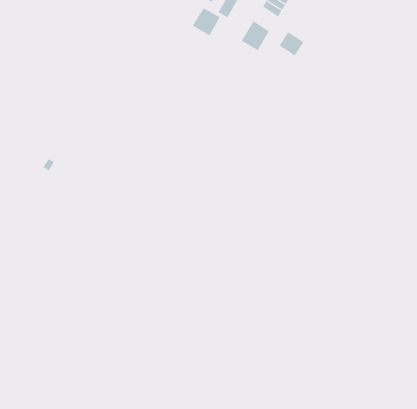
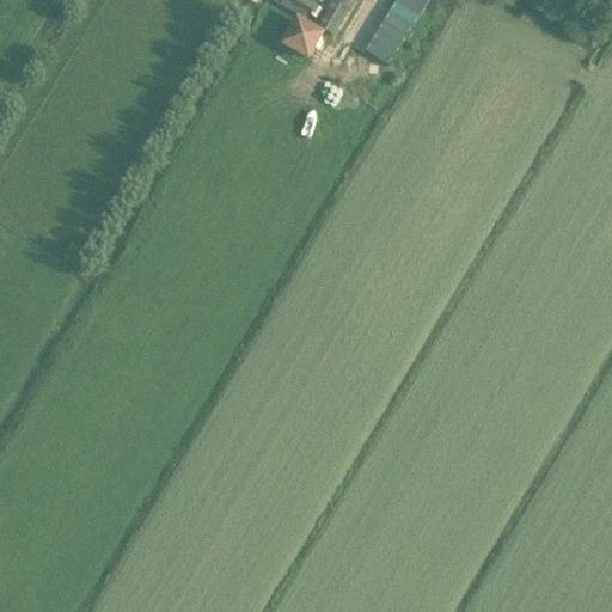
building: [279,31,304,56] -> [372,10,409,45]

